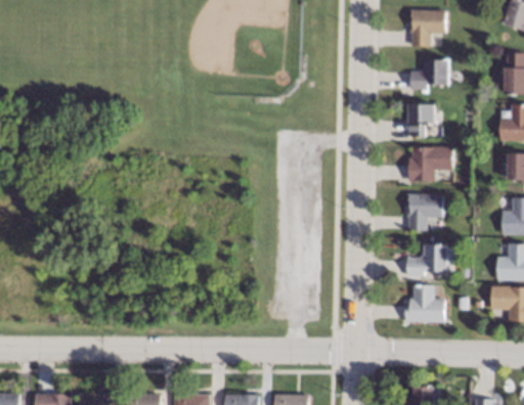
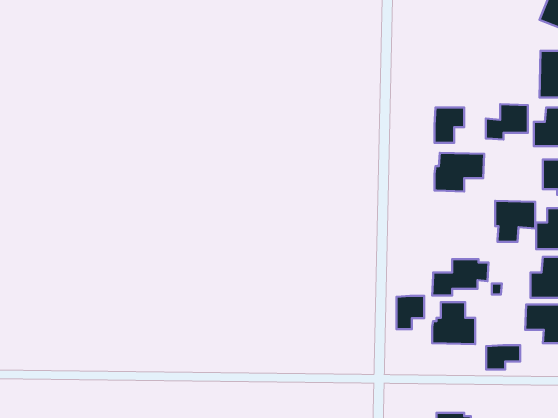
building: [410,10,446,48] -> none
building: [410,58,449,91] -> [486,104,528,140]
building: [406,193,443,231] -> [495,201,535,242]
building: none -> [396,296,424,329]
building: none -> [486,345,520,370]

